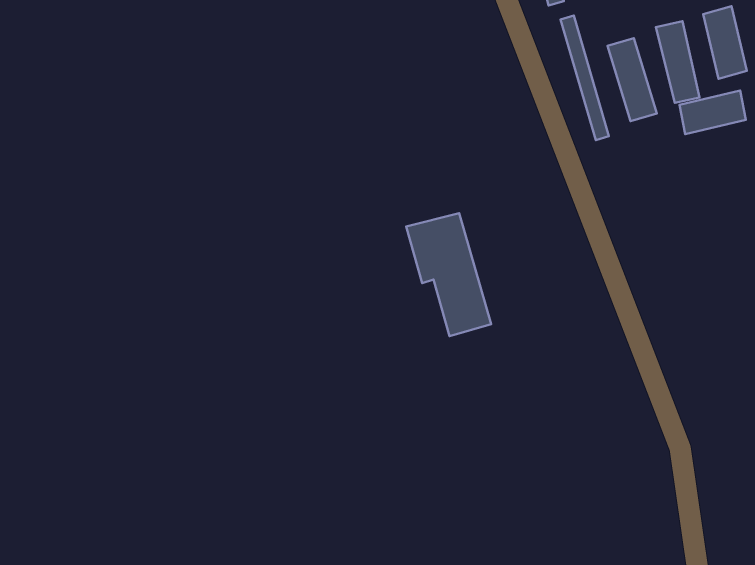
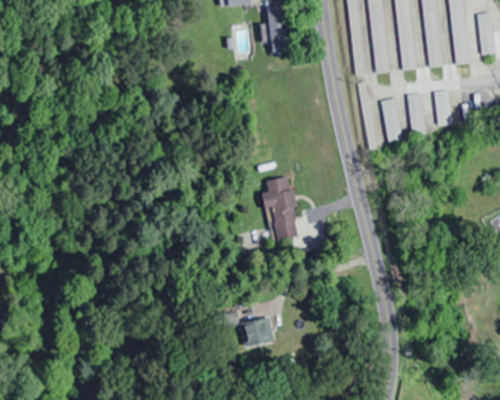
building: [679,91,746,134] -> none
building: none -> [241,316,274,346]

